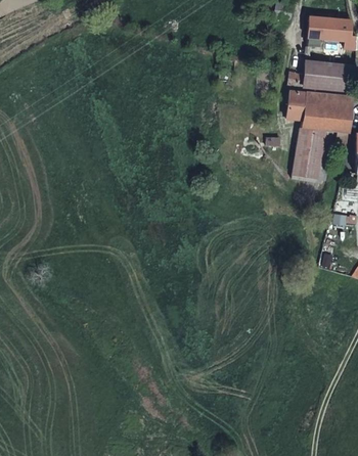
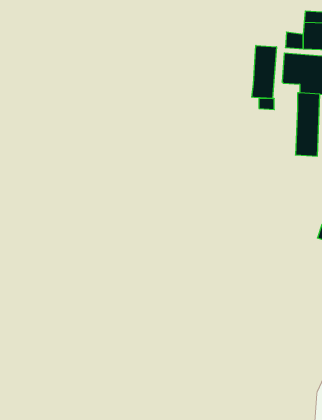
building: none -> [252,45,276,99]

